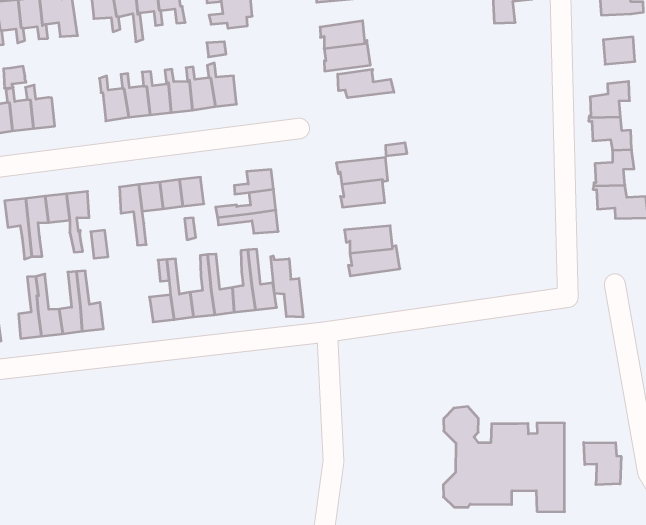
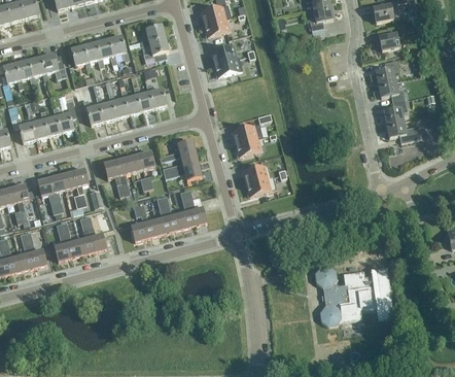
building: [338,69,394,98] -> none
building: none -> [52,100,77,132]
building: [271,256,303,317] -> none
building: [584,442,621,485] -> none

